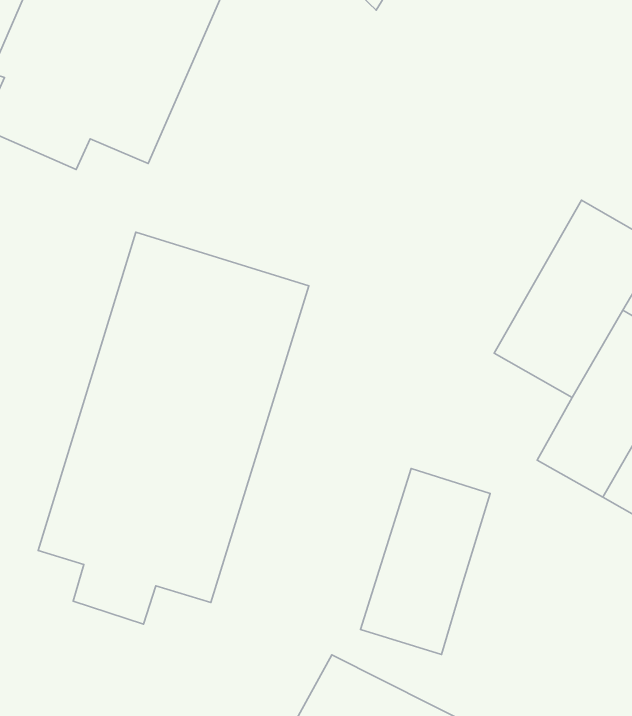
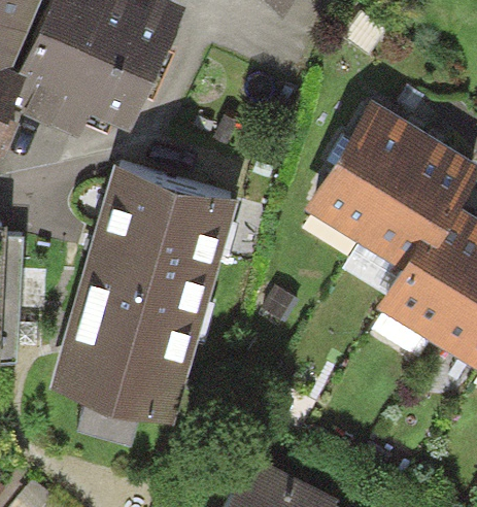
building: none -> [311,113,420,245]
building: [361,468,490,655] -> none

